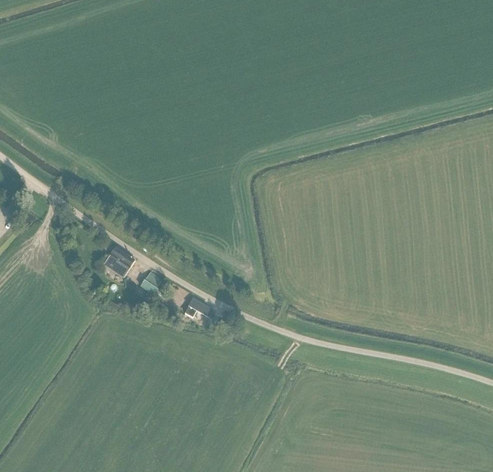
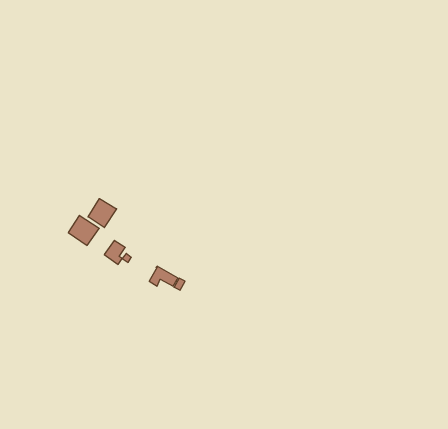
building: none -> [88,199,117,228]

